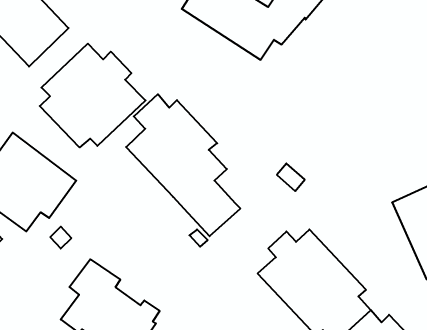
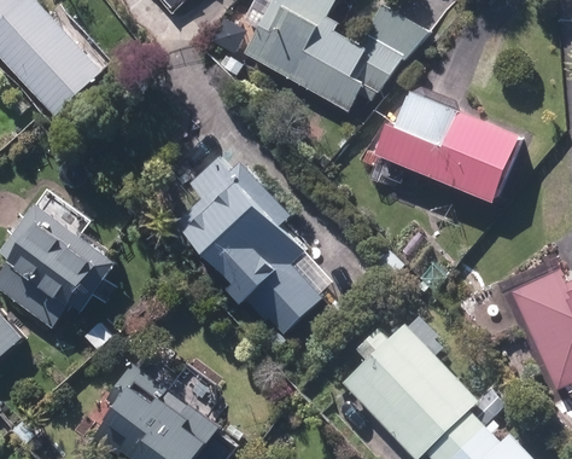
building: [40,44,146,147] -> none
building: none -> [378,92,521,201]

